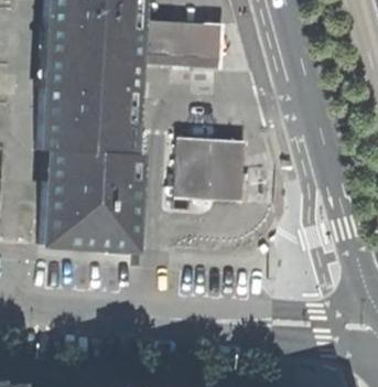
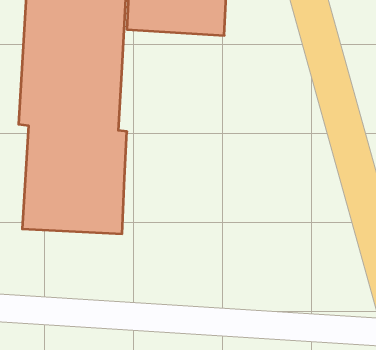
building: [177,138,249,209] -> none

